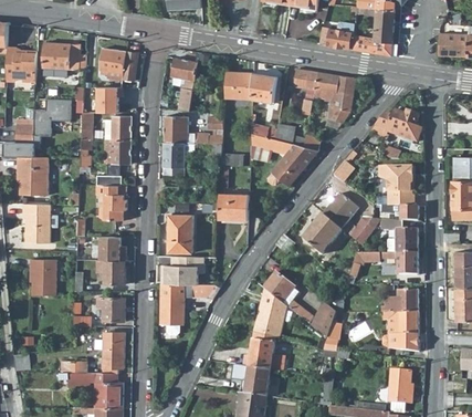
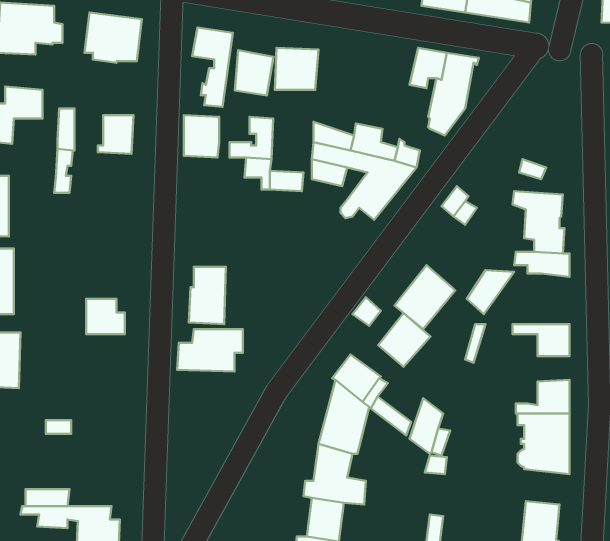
building: [292,69,317,113] -> none
building: [250,73,275,103] -> [235,50,274,96]
building: [94,87,114,114] -> none
building: [368,111,419,142] -> none
building: [104,140,129,165] -> none
building: [162,143,193,175] -> none
building: [94,176,127,221] -> none
building: [323,194,357,229] -> [378,313,430,367]
building: [218,195,247,220] -> none
building: [379,219,417,253] -> none
building: [96,260,125,283] -> none
building: [158,283,219,334] -> none
building: [96,296,124,321] -> none
building: [102,332,123,373] -> none

